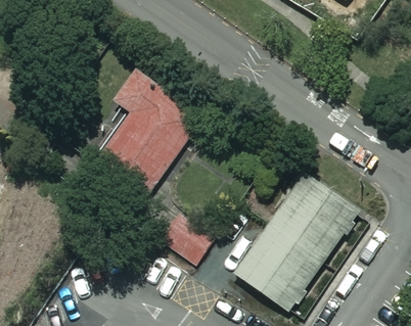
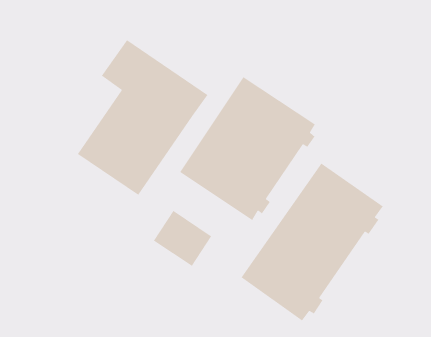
building: none -> [179,76,316,221]

